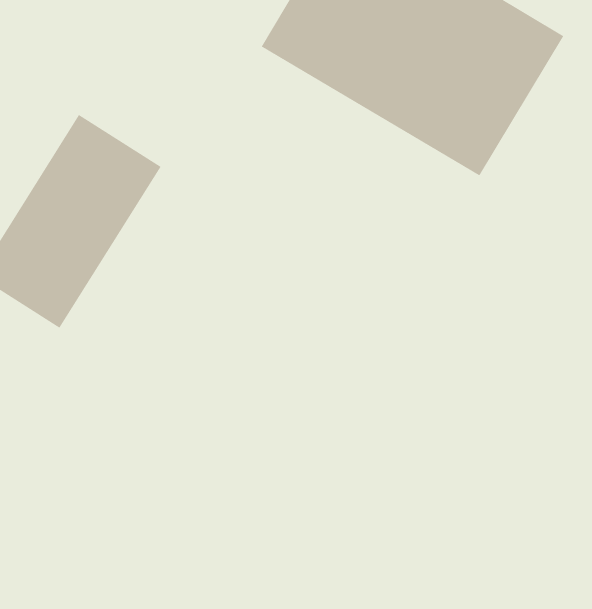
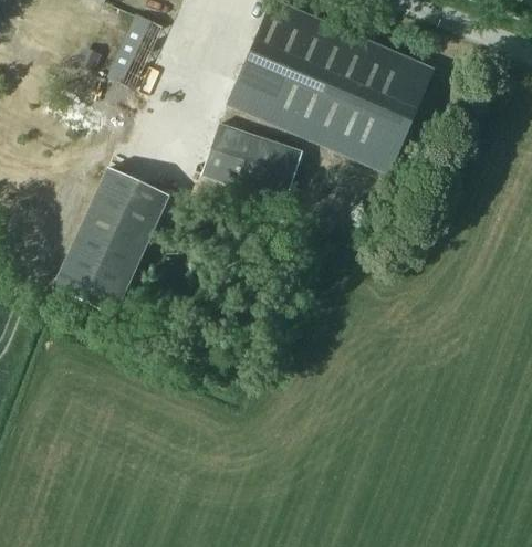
building: none -> [201,123,303,202]

